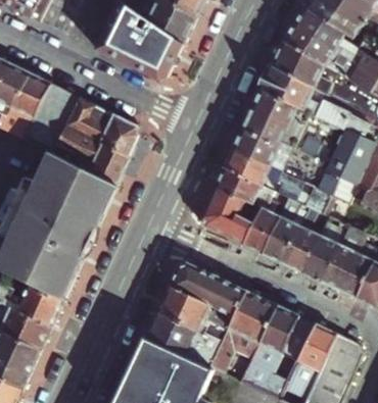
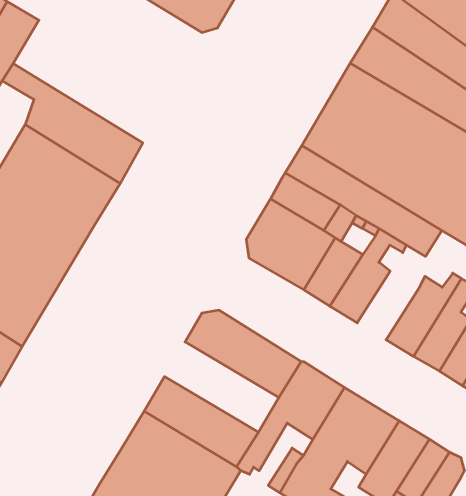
building: [35,83,137,157] -> none
building: [282,207,329,271] -> none
building: [157,287,235,342] -> none

